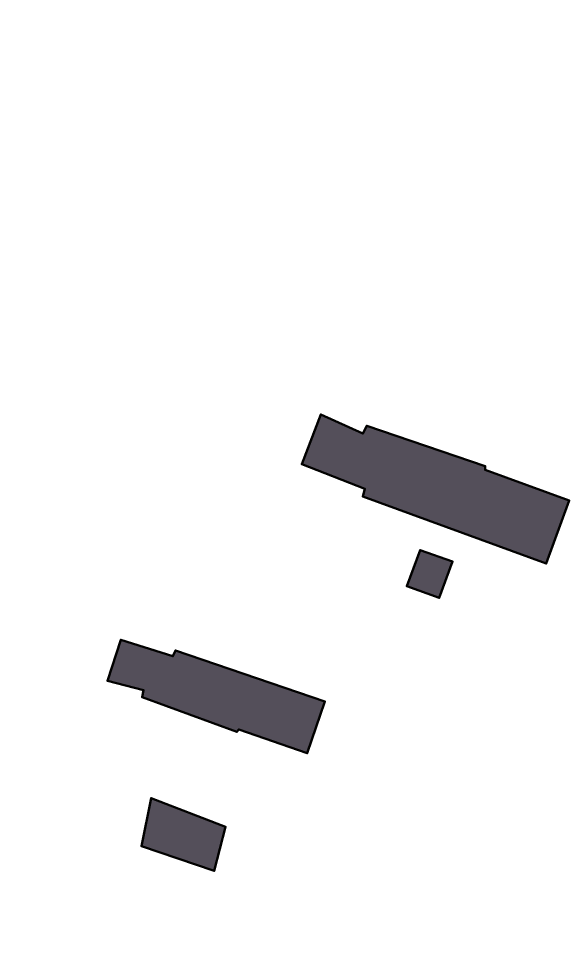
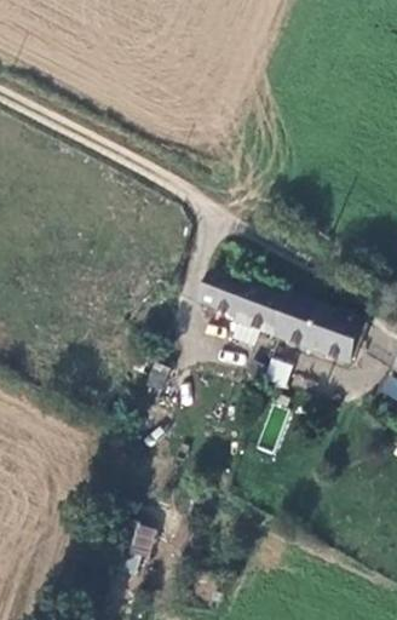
building: [107,640,325,753] -> none

